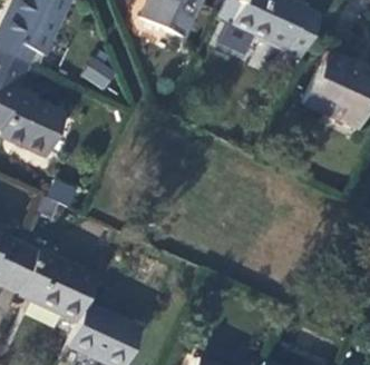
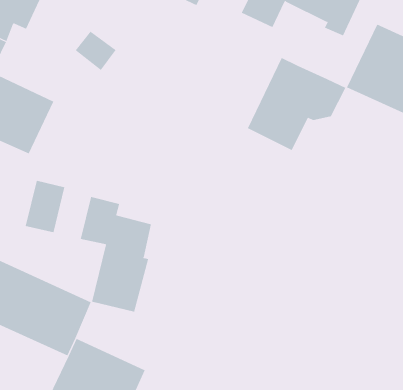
building: none -> [247,57,346,151]
building: none -> [80,196,152,312]

